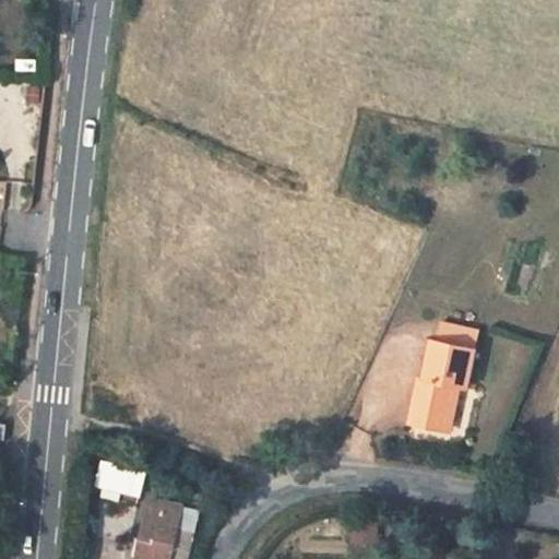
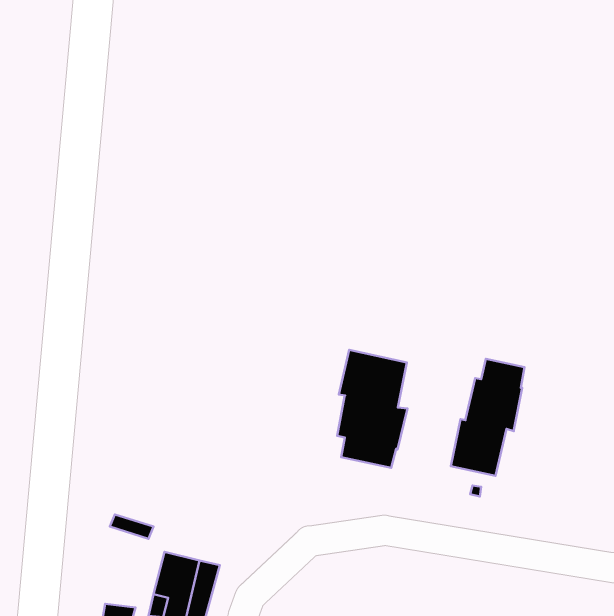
building: none -> [337,350,408,468]

